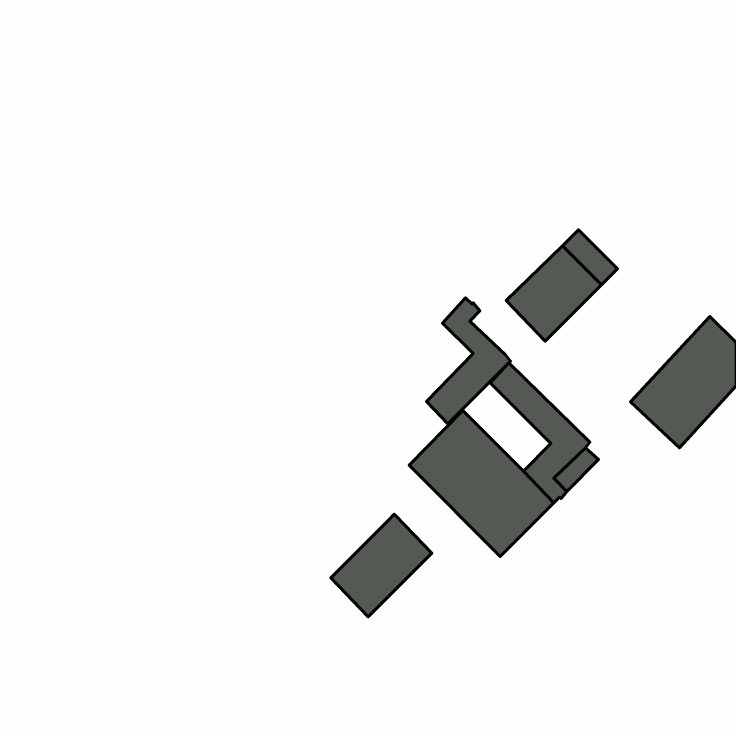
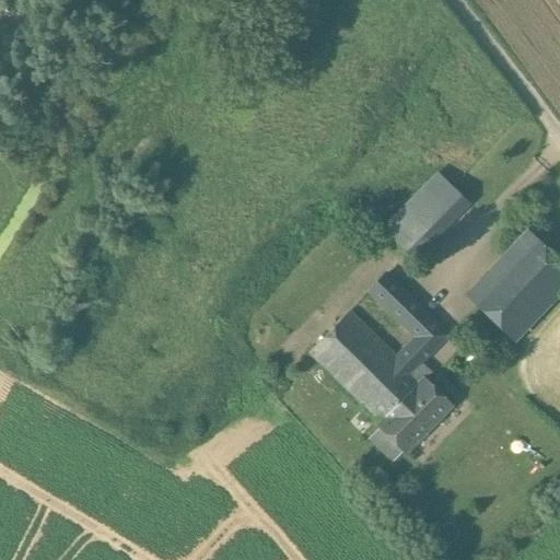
building: [426,298,511,424] -> none
building: [331,514,432,617] -> [375,376,452,454]

